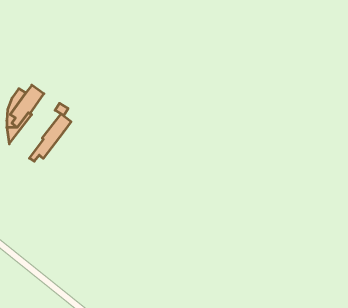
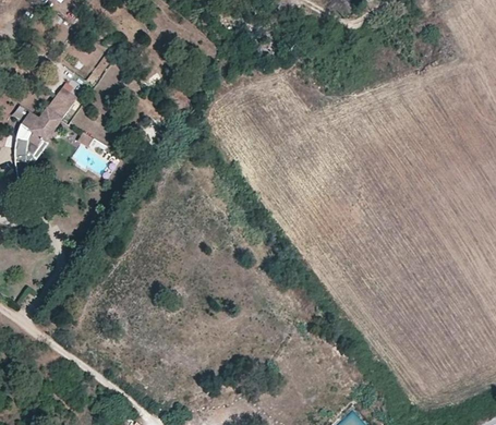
building: none -> [47,89,76,119]
building: [29,114,71,161] -> none

